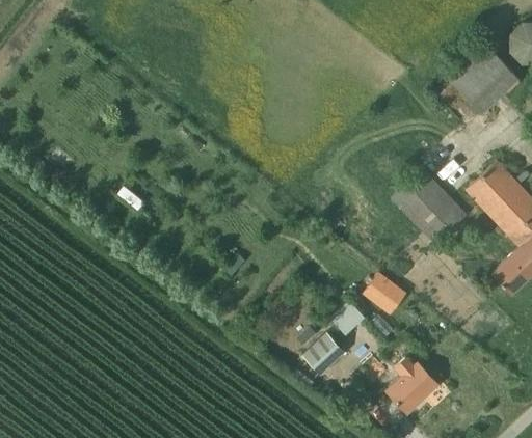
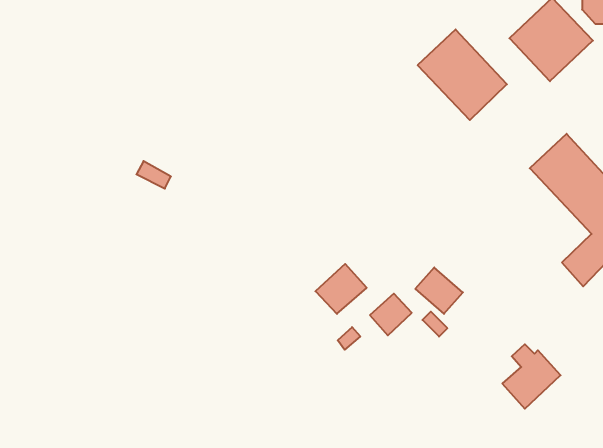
building: [390,167,468,246] -> [418,29,507,120]
building: [301,331,346,375] -> [315,264,367,314]
building: [387,357,437,413] -> [502,344,561,409]

